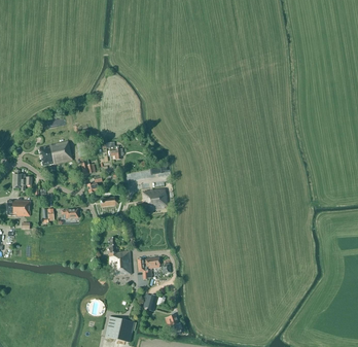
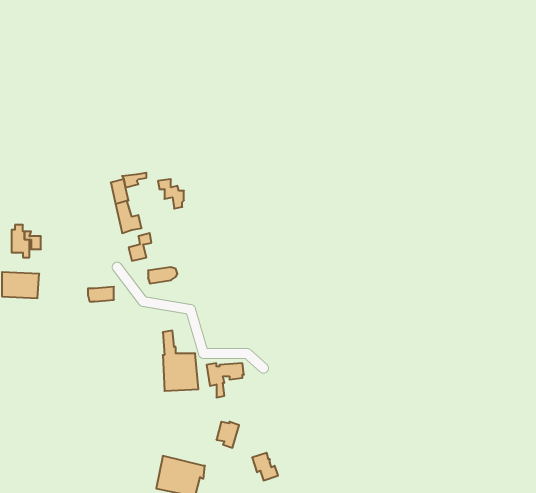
building: [39,141,72,166] -> none
building: [136,188,167,209] -> none

